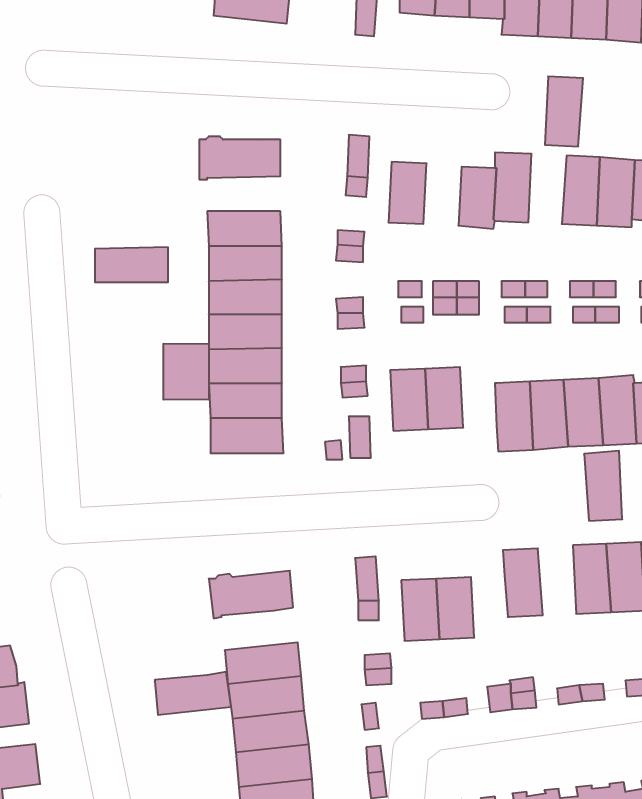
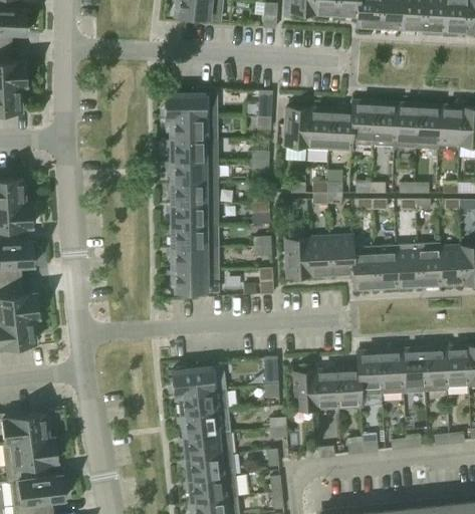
building: [545,76,583,146] -> [373,103,397,148]
building: none -> [306,109,330,149]
building: [95,247,168,282] -> [170,117,216,140]
building: [163,344,209,400] -> none
building: none -> [329,237,352,276]
building: [584,451,622,521] -> [379,350,403,395]
building: none -> [336,369,361,409]
building: [155,672,231,715] -> [179,390,227,417]

